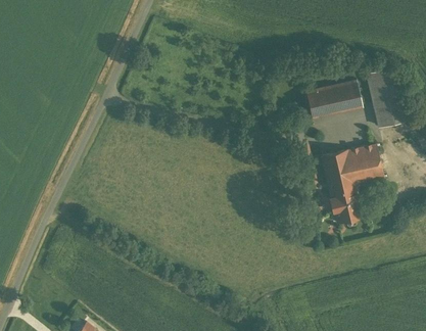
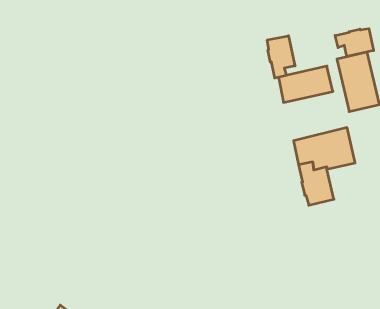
building: none -> [335,29,374,57]
building: none -> [267,36,295,78]

